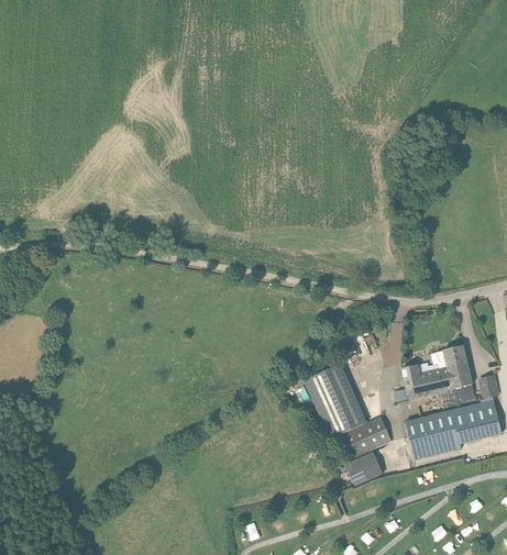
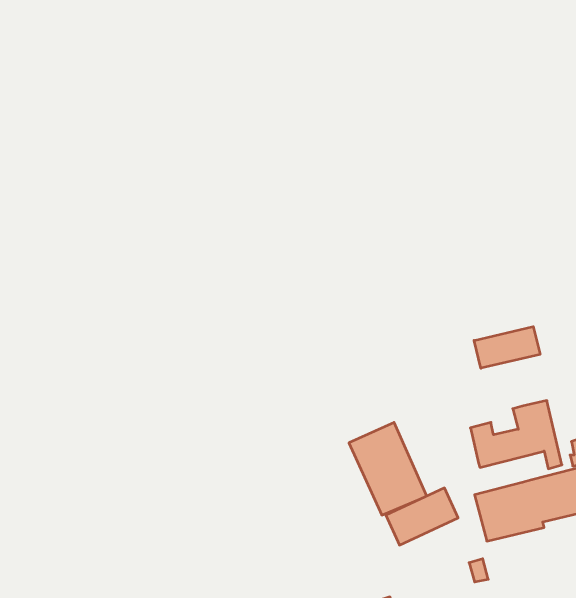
building: none -> [474,327,540,368]
building: [345,452,383,485] -> none

